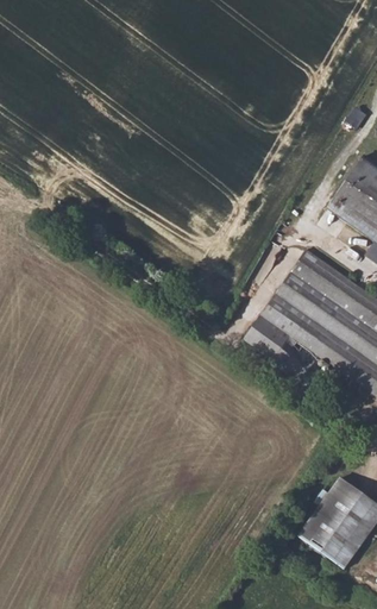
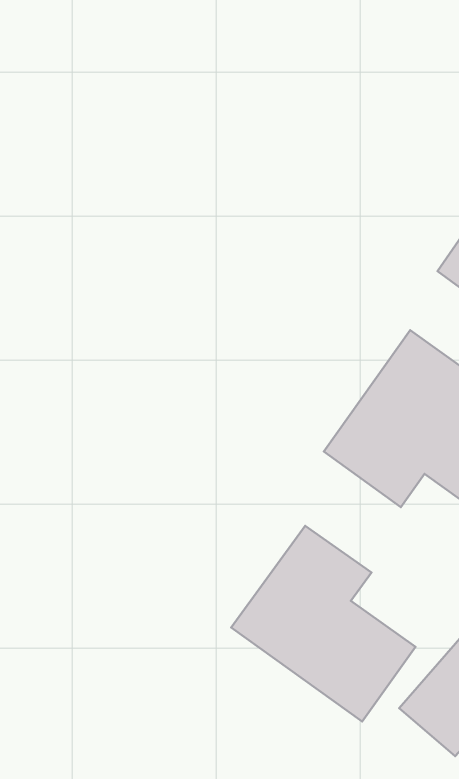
building: none -> [231,526,415,722]

